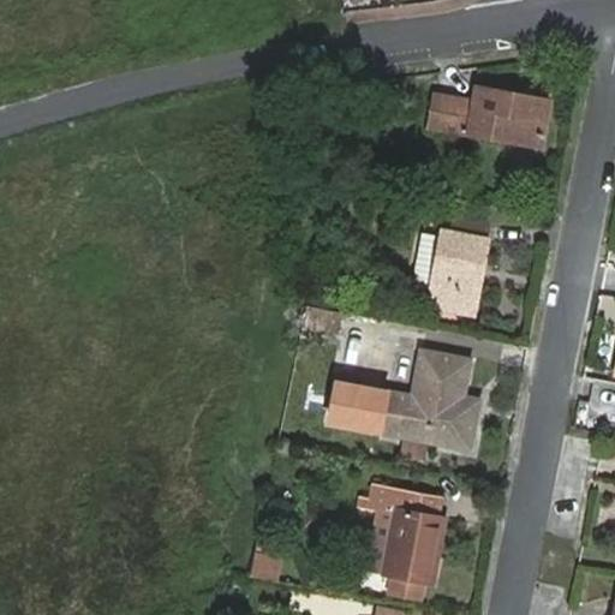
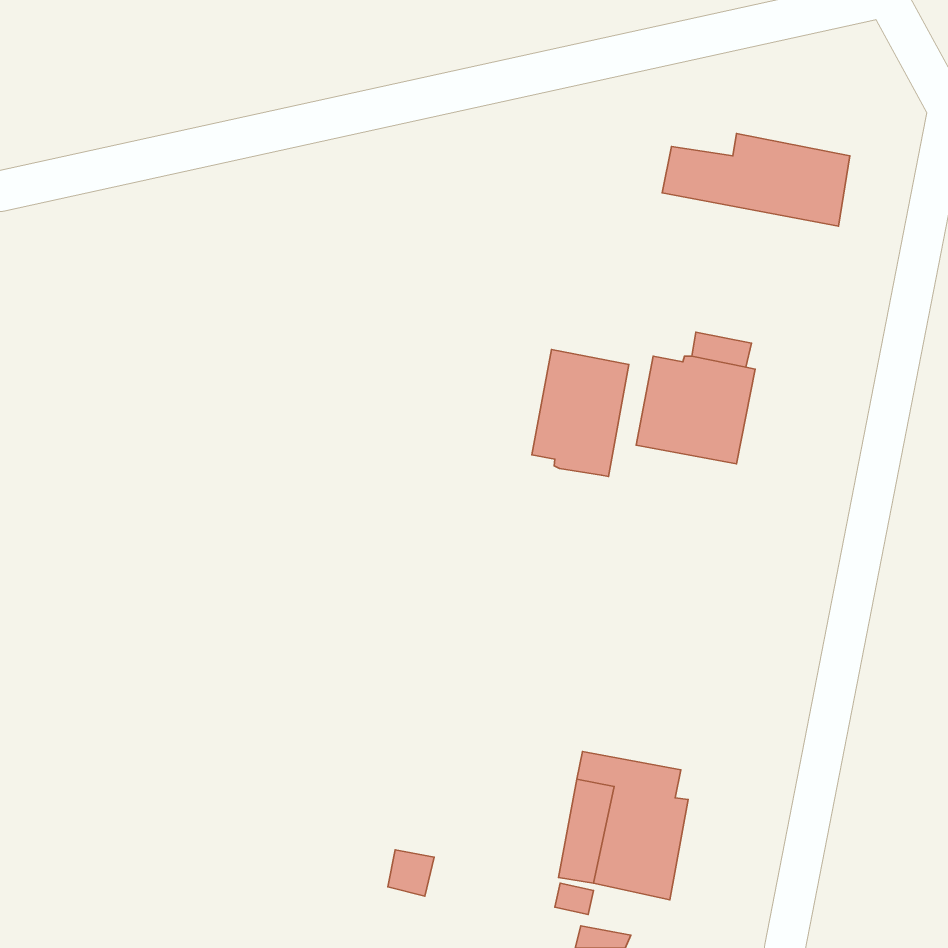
building: none -> [532,350,629,476]
building: [328,350,479,458] -> none

